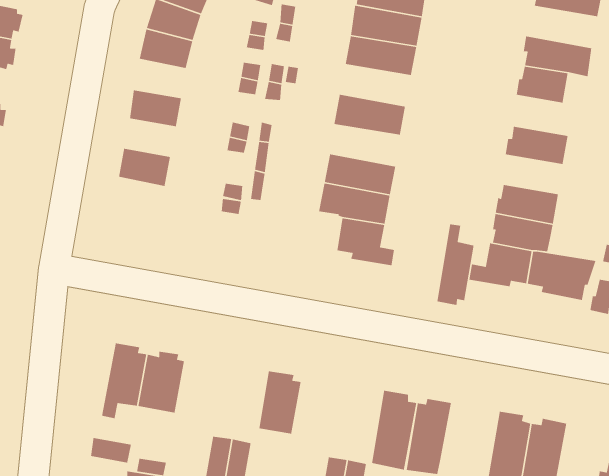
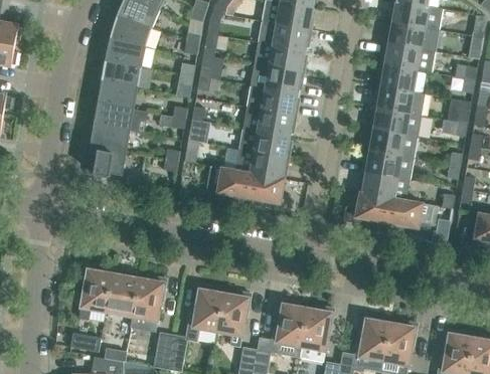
building: none -> [385,21,438,51]
building: none -> [102,59,140,87]
building: none -> [251,63,303,94]
building: none -> [376,85,421,115]
building: none -> [95,103,147,132]
building: none -> [243,107,295,137]
building: none -> [368,129,413,157]
building: none -> [87,145,125,176]
building: none -> [206,165,253,200]
building: [436,223,474,306] -> none
building: none -> [130,274,164,332]
building: none -> [216,290,249,346]

